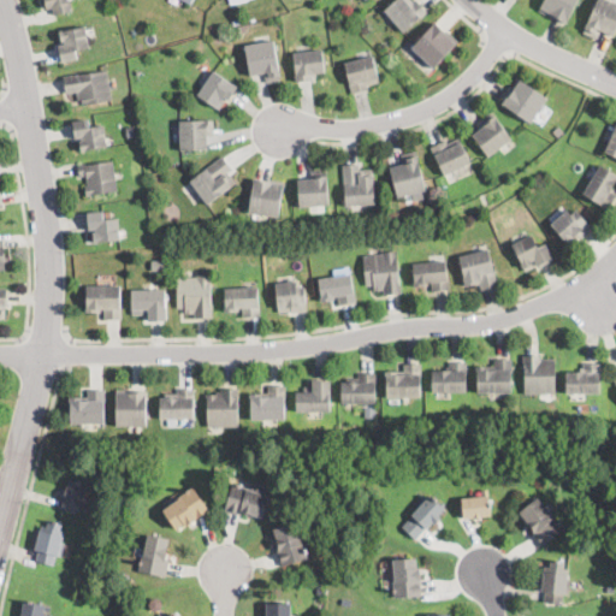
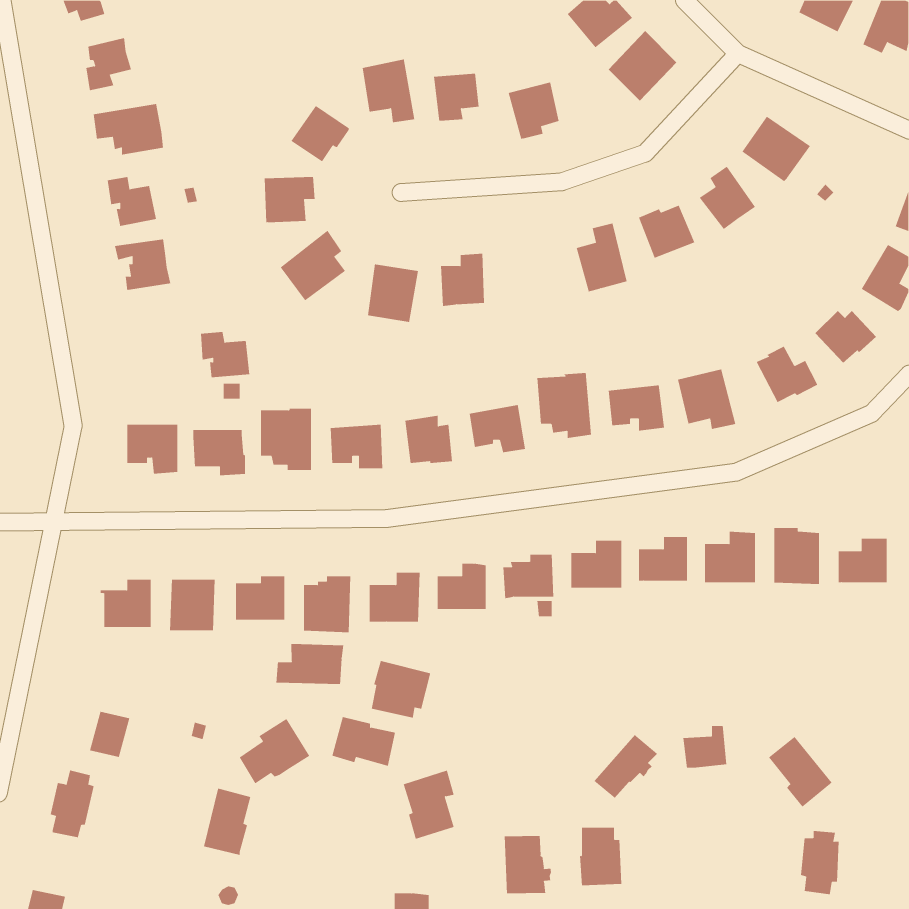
building: [340,165,373,207] -> none
building: [85,213,119,244] -> [200,332,250,378]
building: none -> [276,643,344,685]
building: none -> [371,660,431,718]
building: none -> [504,835,552,894]

